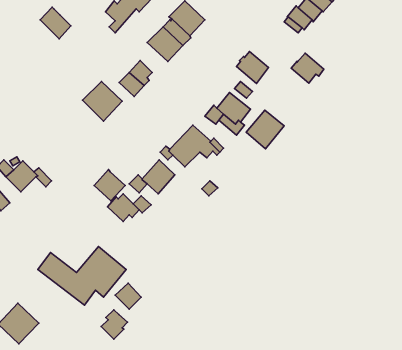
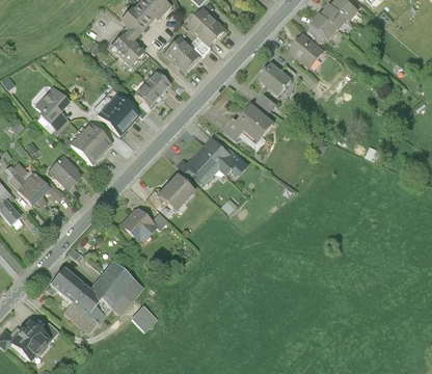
building: [40,7,71,39] -> [110,32,142,65]
building: [291,53,324,83] -> [289,33,323,64]
building: none -> [35,87,69,130]
building: none -> [71,122,111,163]
building: [246,110,284,149] -> none
building: none -> [48,155,80,188]
building: [94,169,125,201] -> none
building: [101,310,127,339] -> none

